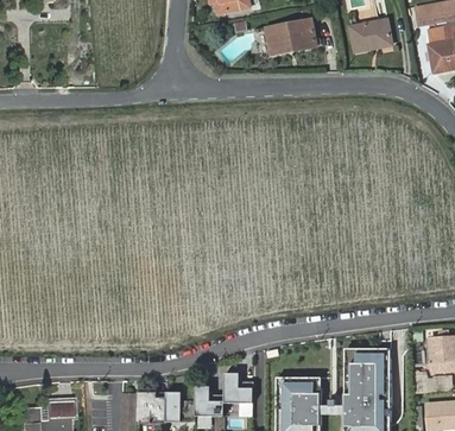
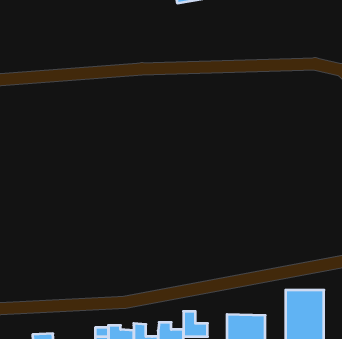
building: [265,19,316,53] -> none
building: [349,19,392,51] -> none

